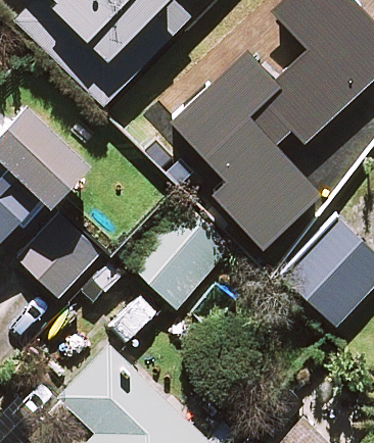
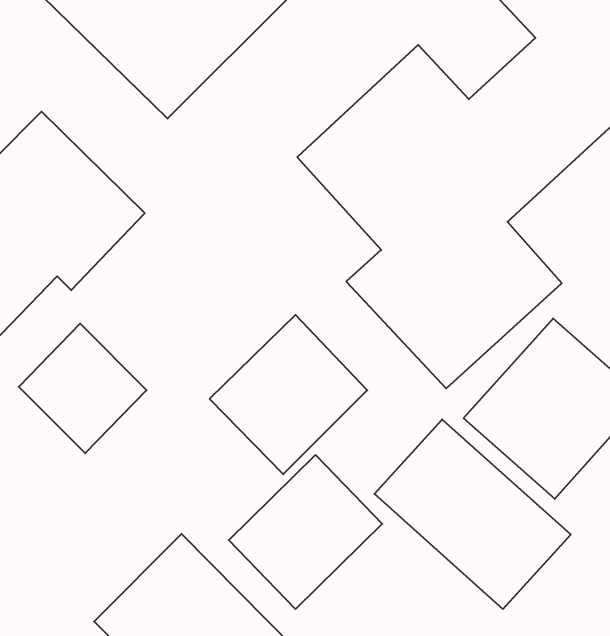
building: none -> [374,419,571,609]
building: none -> [229,455,382,609]

